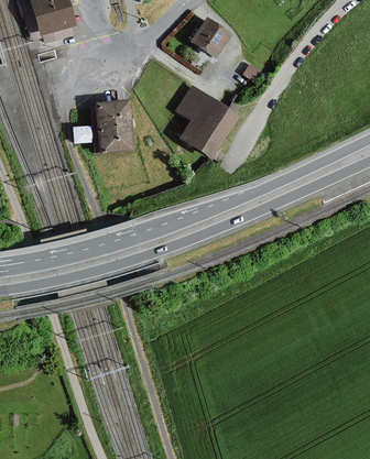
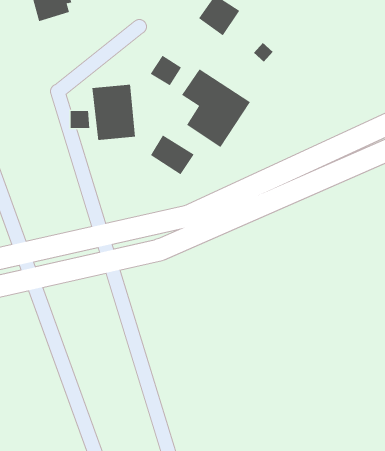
building: none -> [150,55,182,86]
building: none -> [150,134,194,175]

